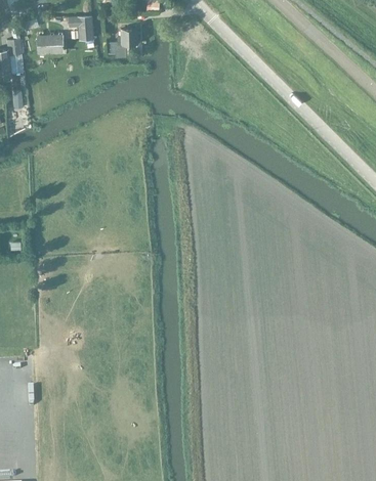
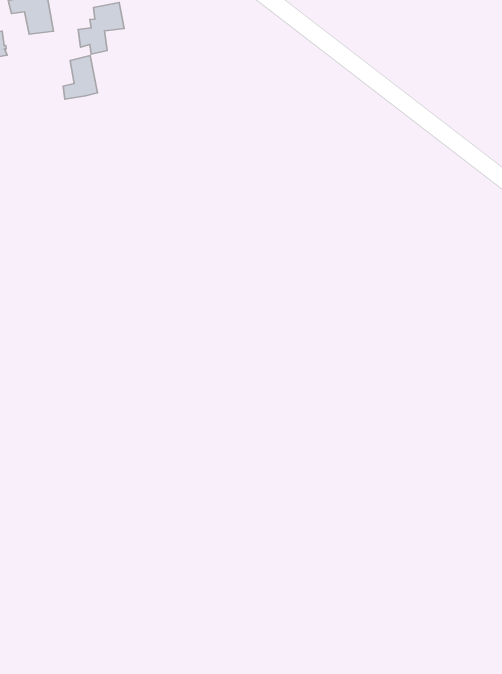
building: none -> [63,56,98,99]

